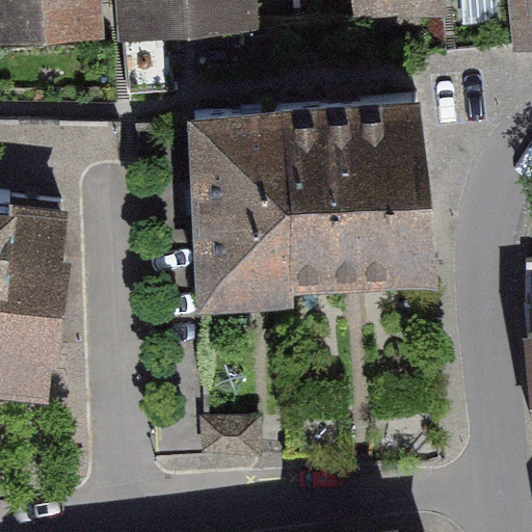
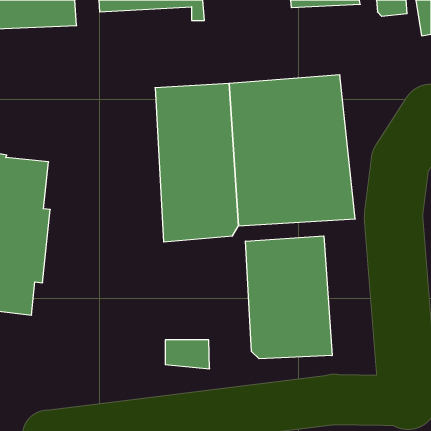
building: none -> [246,236,332,359]

